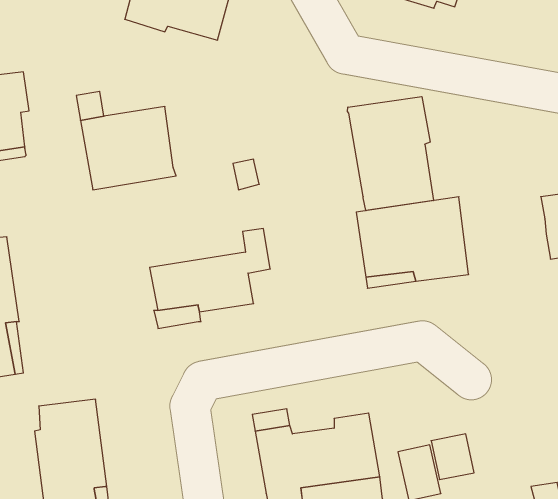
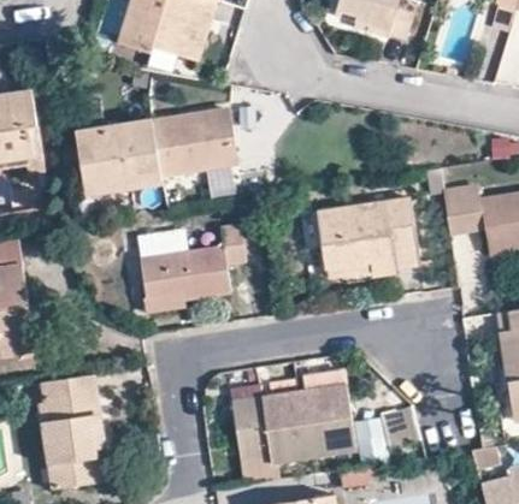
building: none -> [153,109,234,173]
building: [348,97,433,211] -> none
building: none -> [442,183,484,236]

